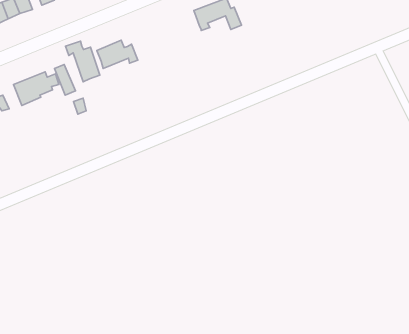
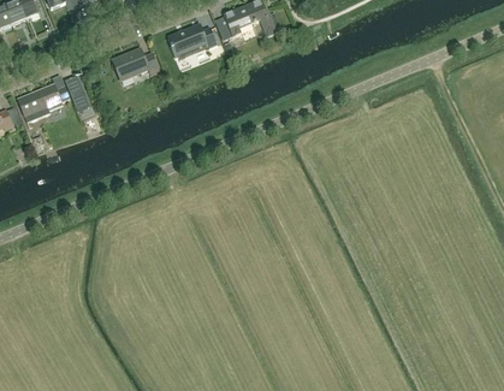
building: none -> [168,23,217,57]
building: [65,41,100,82] -> none

